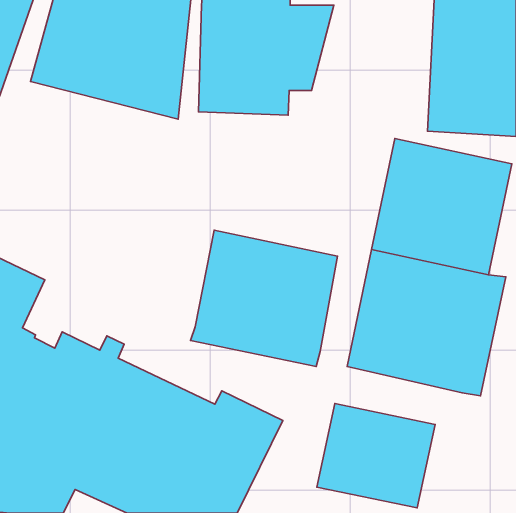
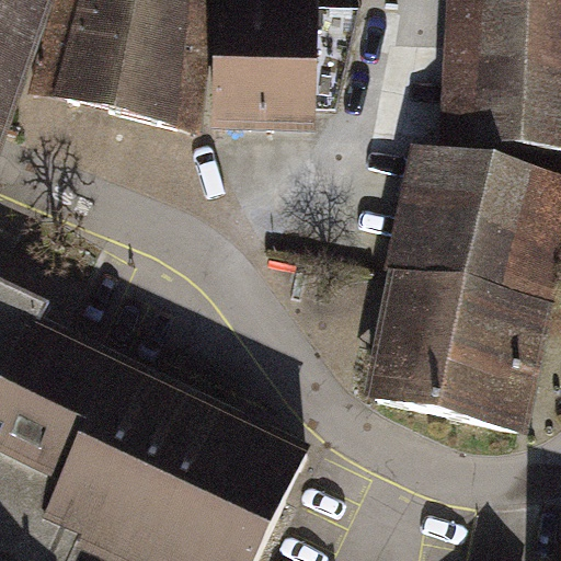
building: [191,230,338,366] -> none
building: [317,403,435,508] -> none

